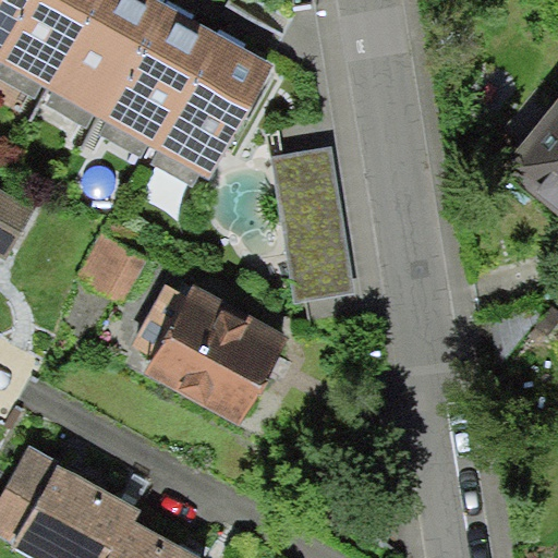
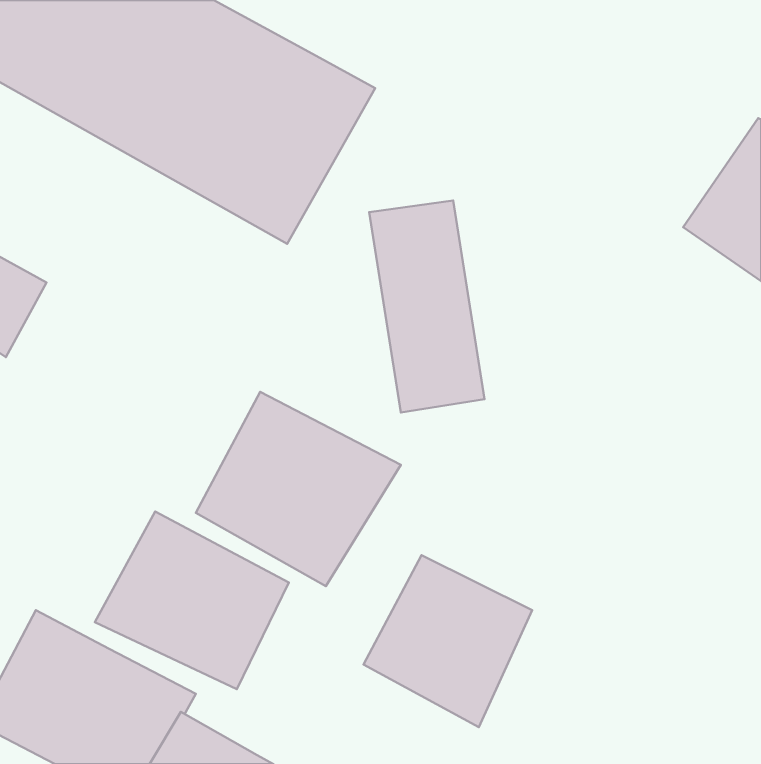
building: none -> [95,511,289,689]
building: none -> [363,555,532,727]

